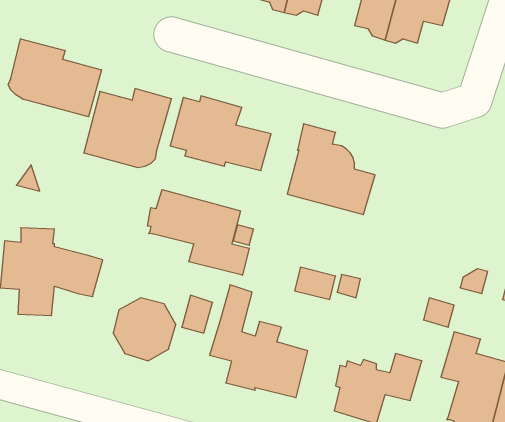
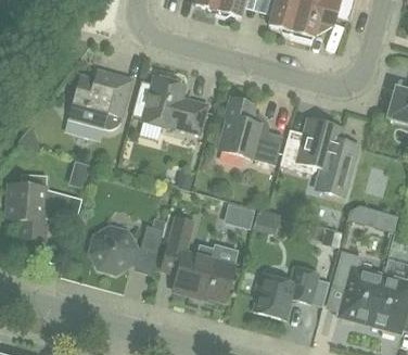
building: [8,39,102,117] -> none
building: none -> [280,118,356,195]
building: [147,190,249,275] -> none

